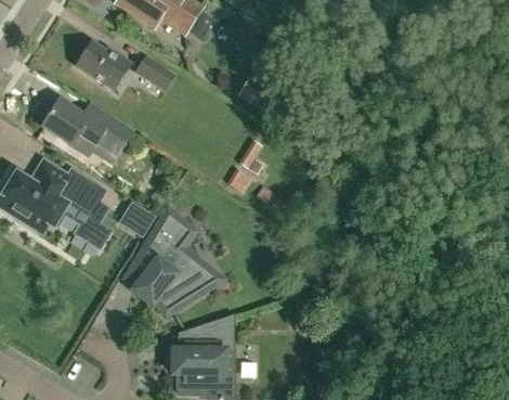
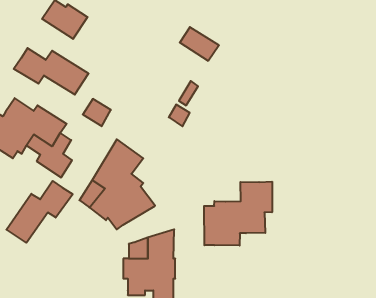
building: [134,54,177,92] -> none
building: [121,204,155,236] -> [83,99,111,126]
building: none -> [6,181,73,243]
building: none -> [204,182,272,246]

